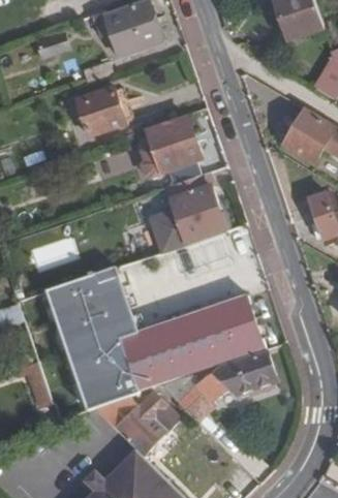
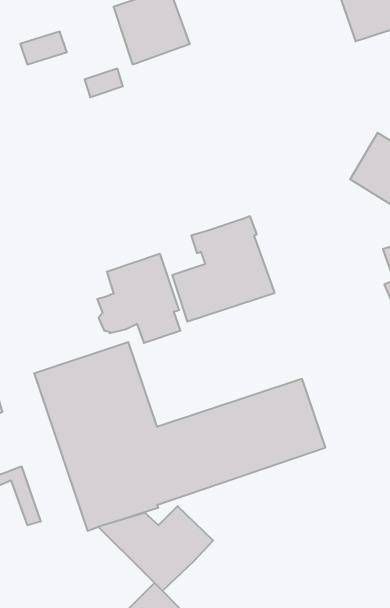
building: [75,86,127,137] -> none
building: [140,117,203,184] -> [97,254,181,343]
building: [160,350,276,422] -> none

